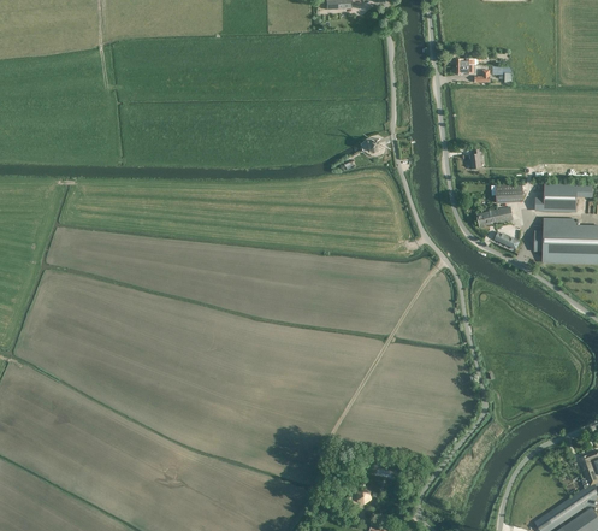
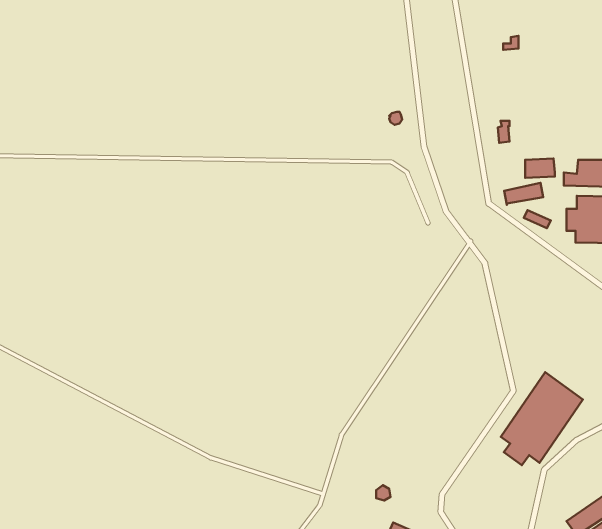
building: none -> [501,372,583,465]

